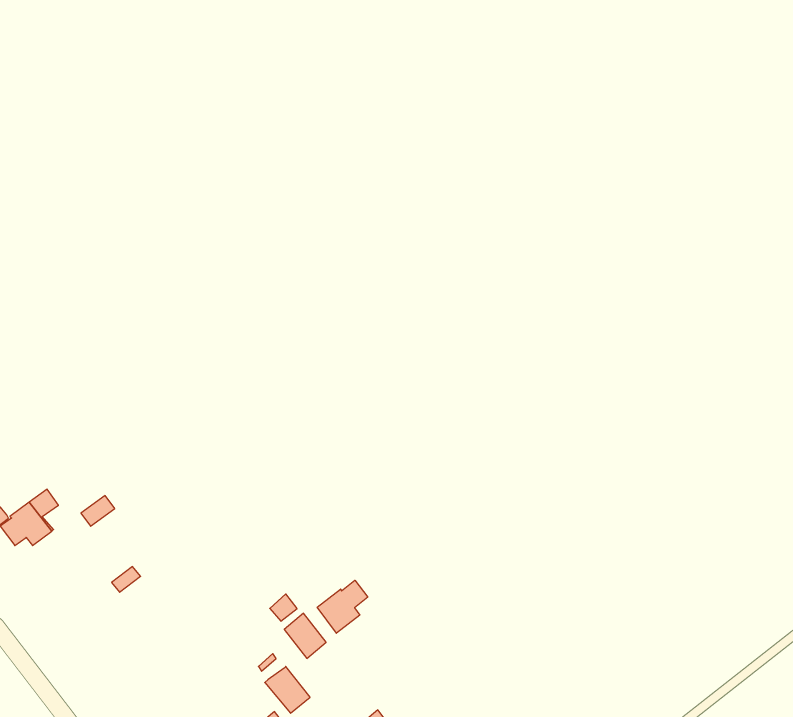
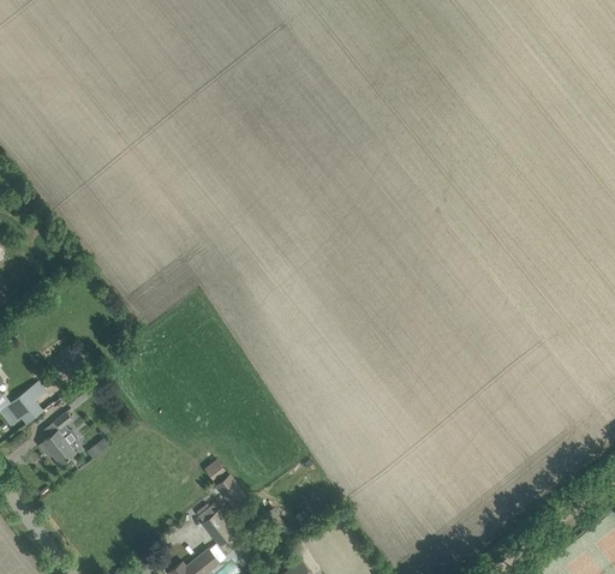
building: none -> [40,413,78,465]
building: [317,580,368,633] -> none

